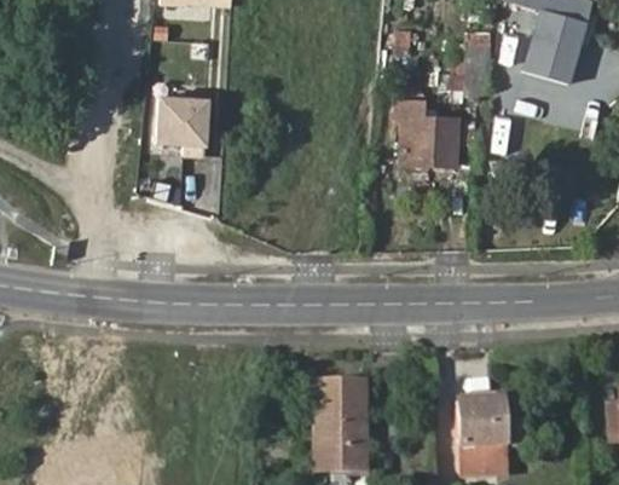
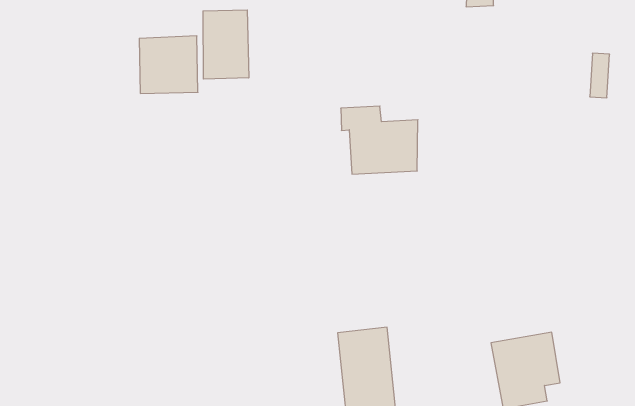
building: none -> [203,10,249,79]
building: [392,99,463,163] -> [341,106,418,174]

